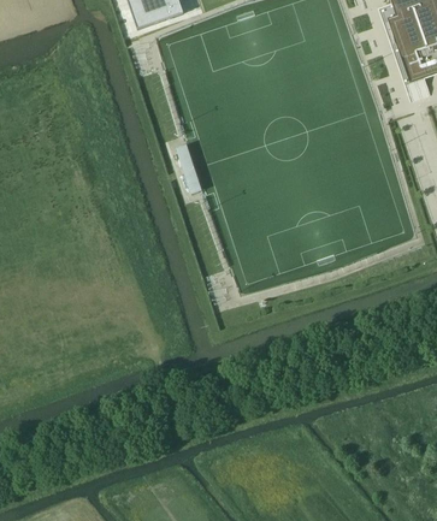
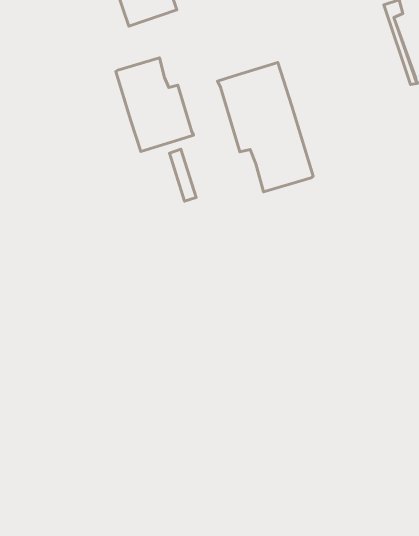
building: none -> [116,58,194,151]
building: none -> [217,63,313,192]

